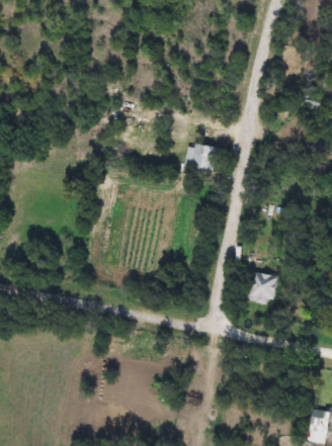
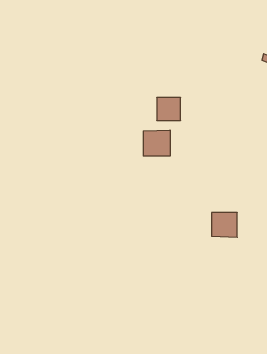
building: none -> [143,130,170,156]

